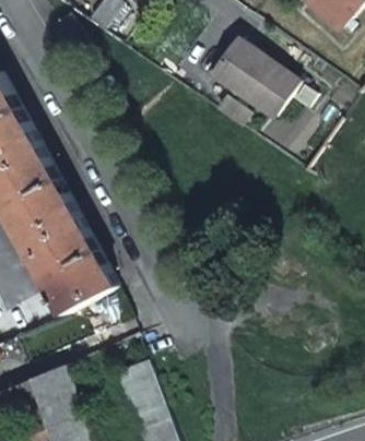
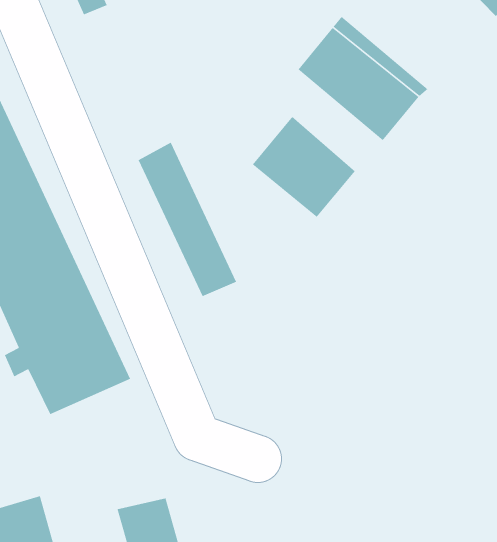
building: none -> [252,116,356,218]
building: none -> [138,142,237,297]

